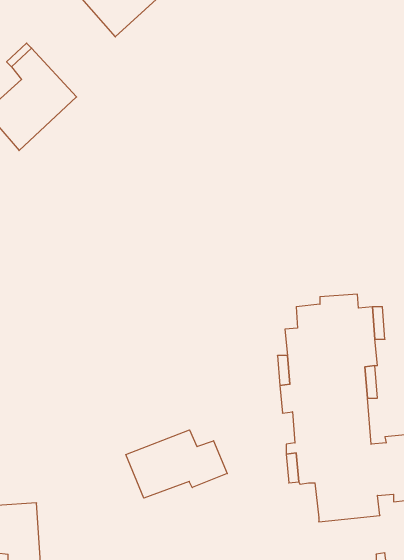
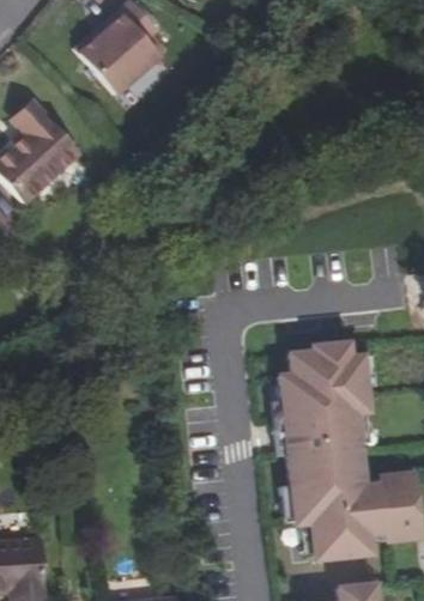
building: [126,430,227,498] -> none

